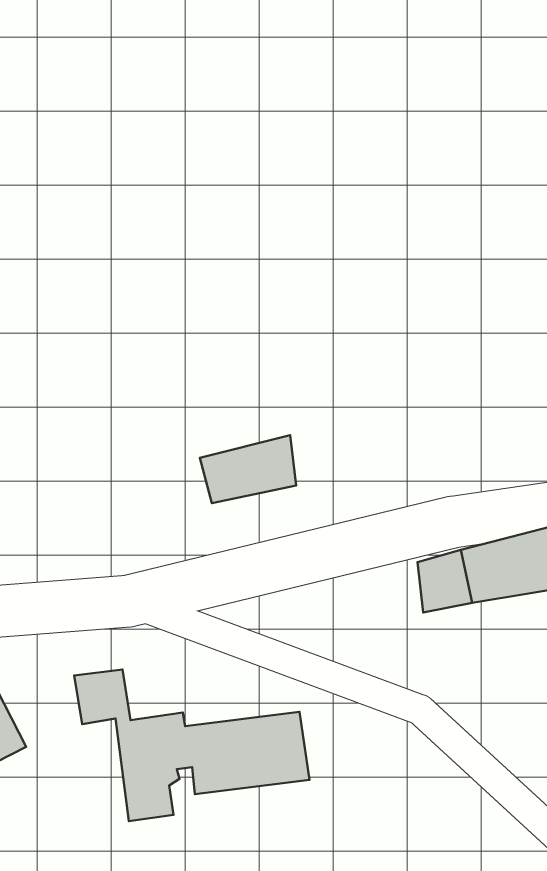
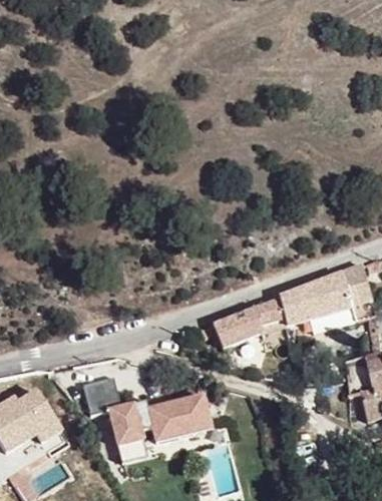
building: [200,435,296,503] -> [212,306,264,346]

